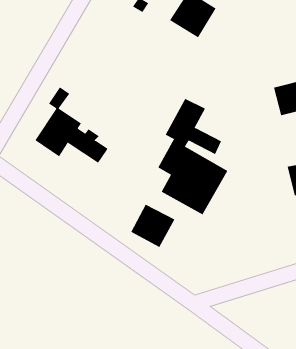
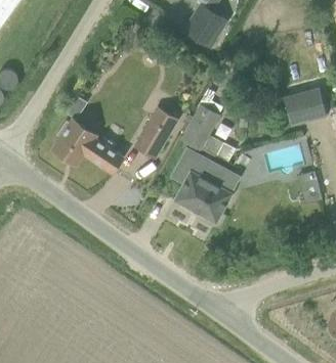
building: none -> [133,107,178,160]
building: [131,204,175,248] -> none

